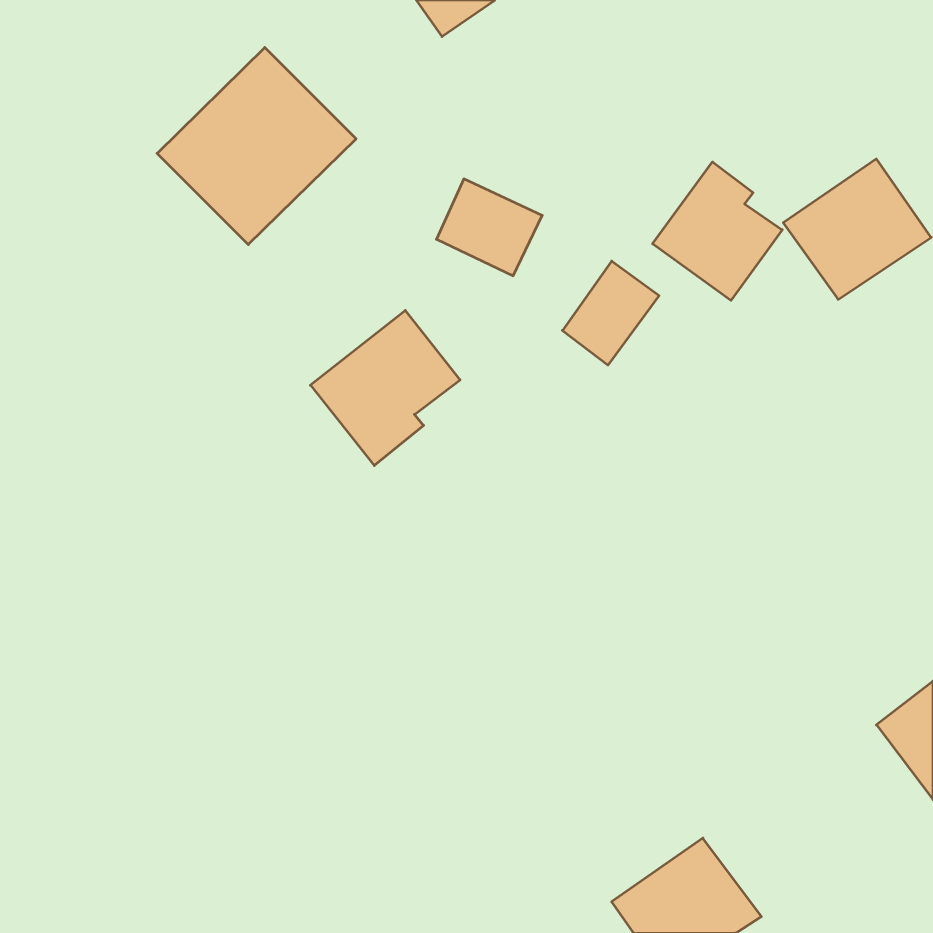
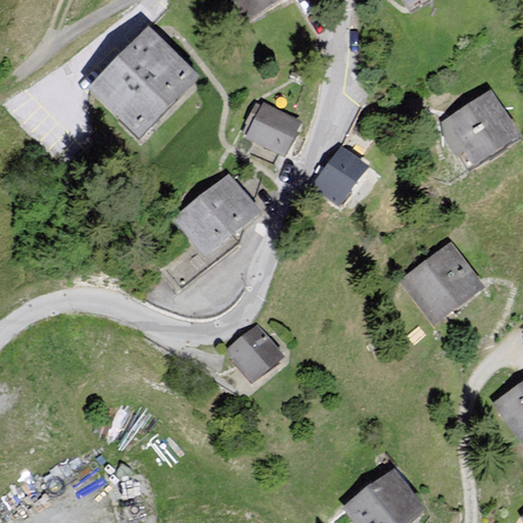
building: [653,162,782,300] -> none
building: none -> [400,241,485,324]
building: none -> [226,324,284,382]

